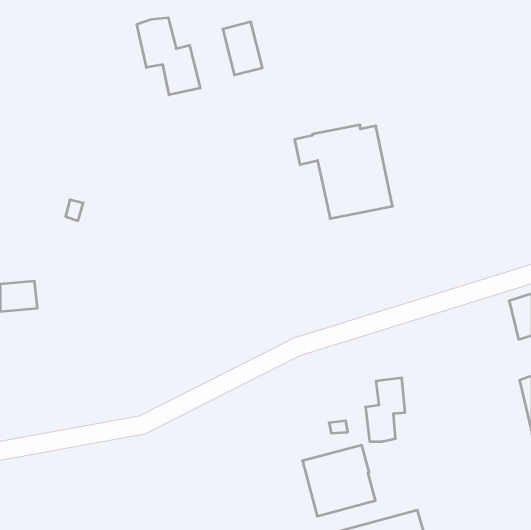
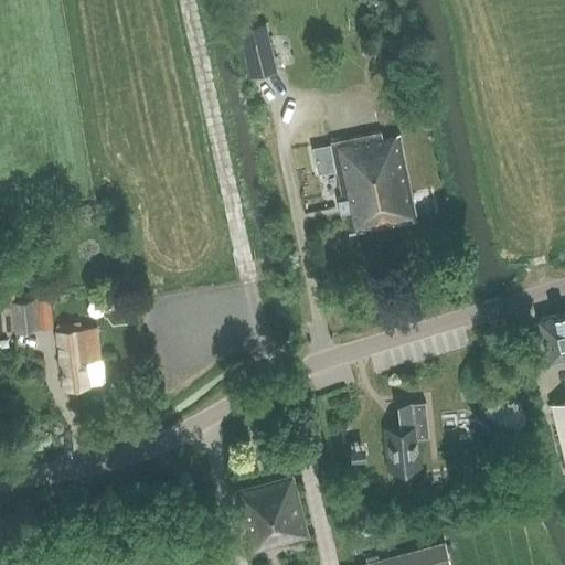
building: [137,18,200,95] -> none
building: none -> [58,328,102,391]
building: [302,445,375,516] -> [232,477,309,552]

